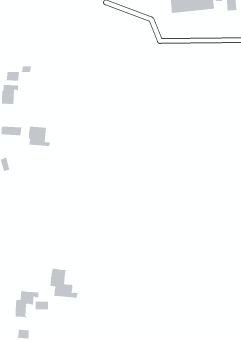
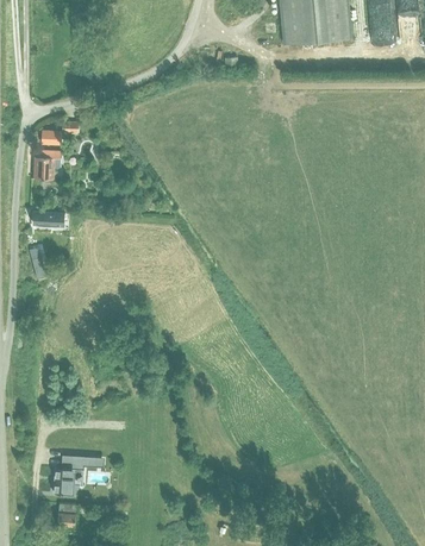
building: [29,126,50,147] -> none
building: [50,268,78,298] -> none

